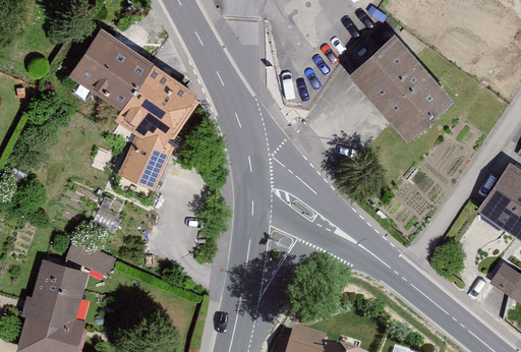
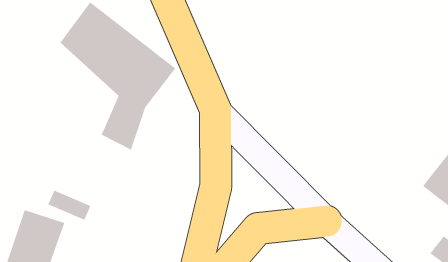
building: [348,36,452,141] -> none

